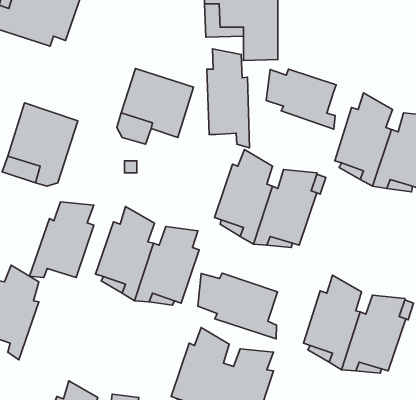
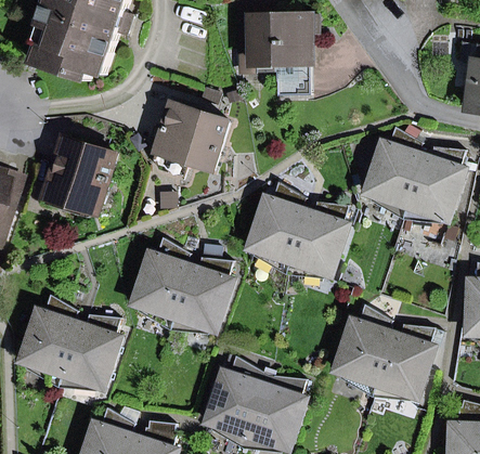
building: [207,49,250,148] -> none
building: [266,69,336,129] -> none
building: [29,202,94,277] -> [57,314,120,388]
building: [198,273,277,339] -> none

